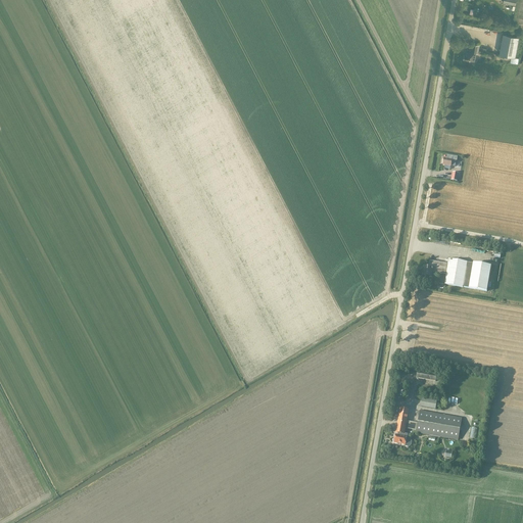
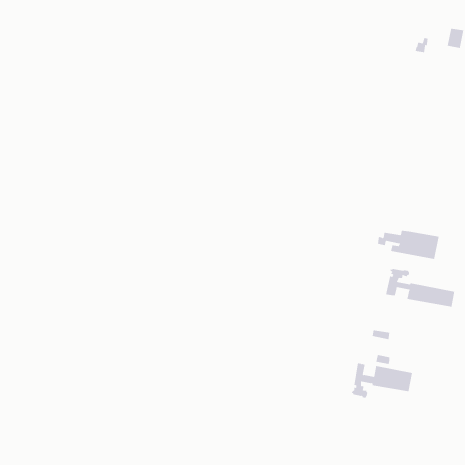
building: none -> [385,268,455,308]

